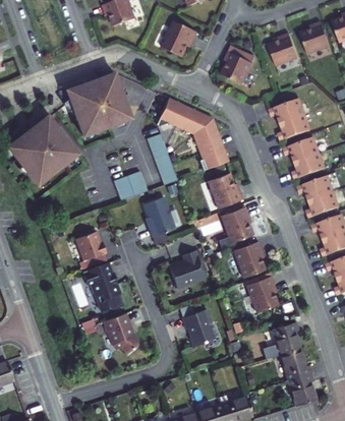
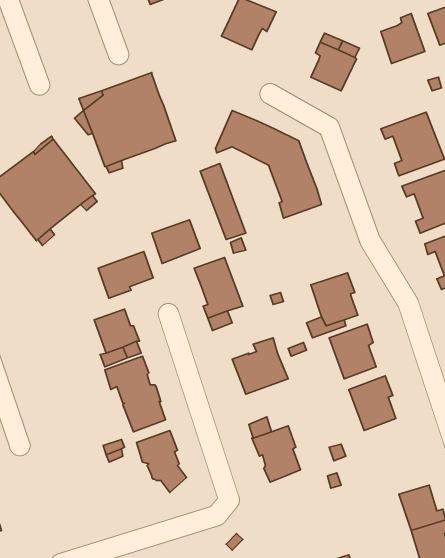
building: [208,173,242,208] -> none
building: none -> [98,252,153,298]
building: [272,321,300,355] -> none

